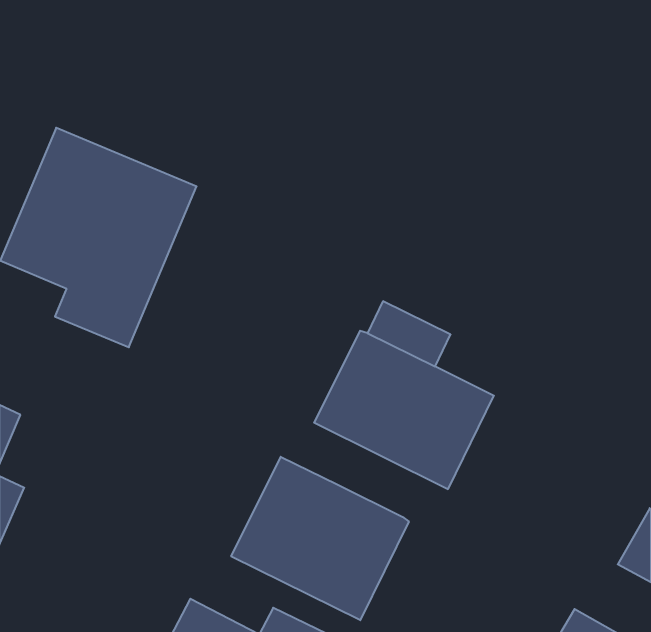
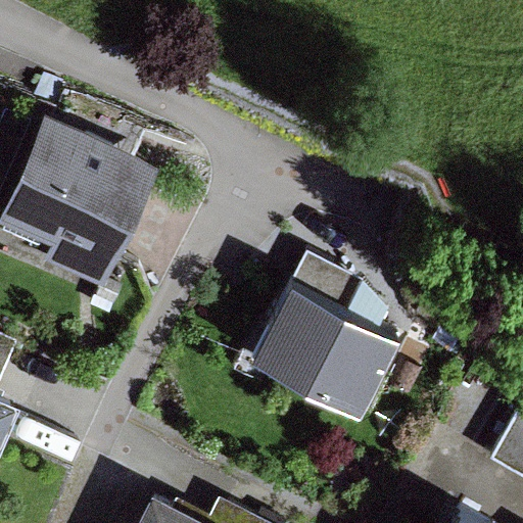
building: [231,457,409,620] -> none

